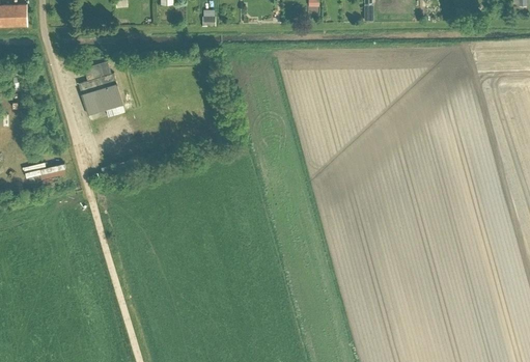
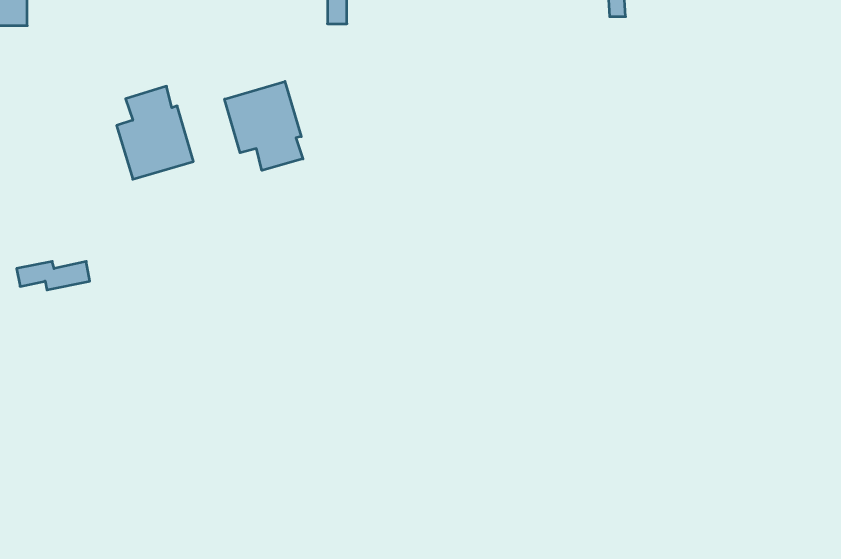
building: none -> [225,81,303,170]

